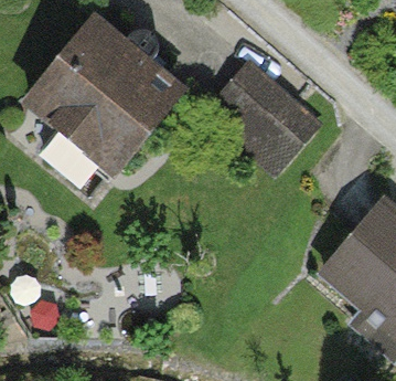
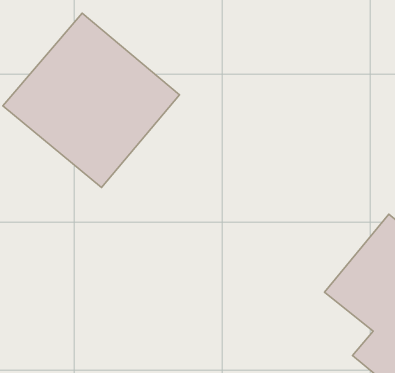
building: [212,62,320,167] -> none

